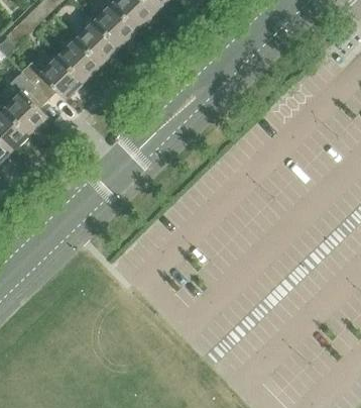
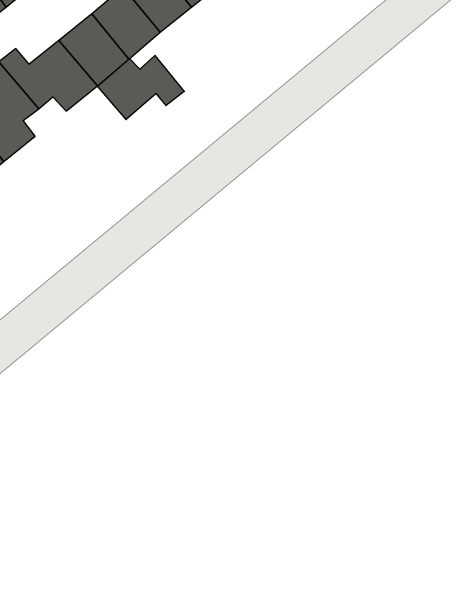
building: none -> [98,55,184,120]

